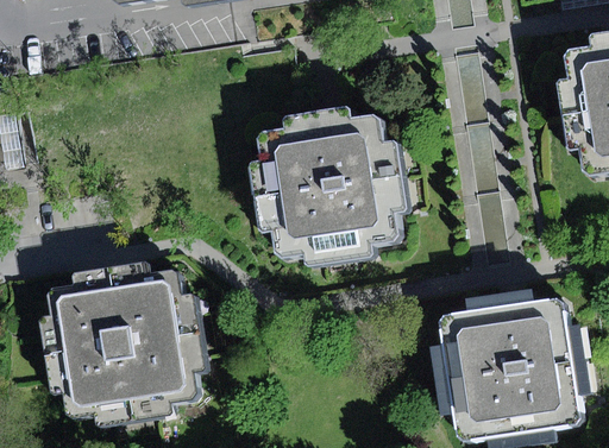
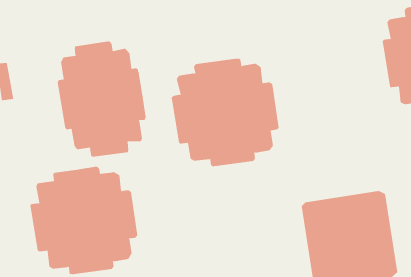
building: none -> [57,40,146,158]

